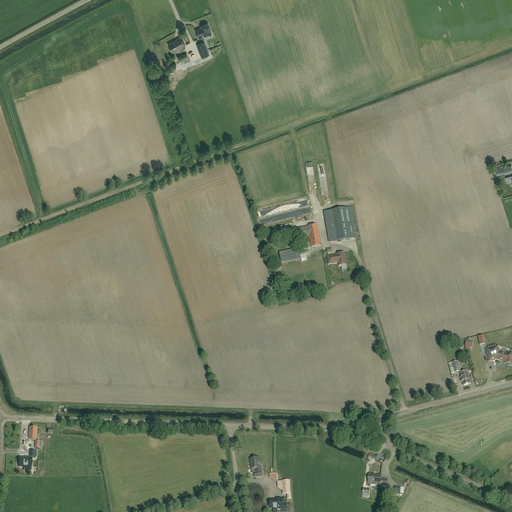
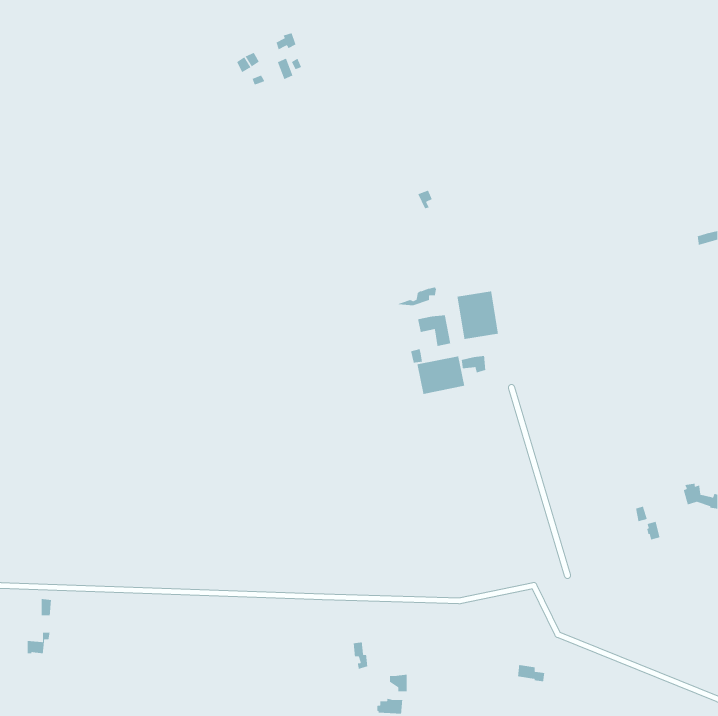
building: none -> [417,356,465,395]

